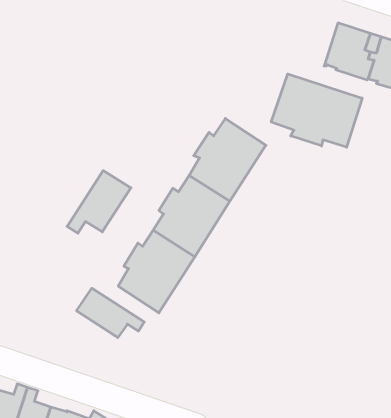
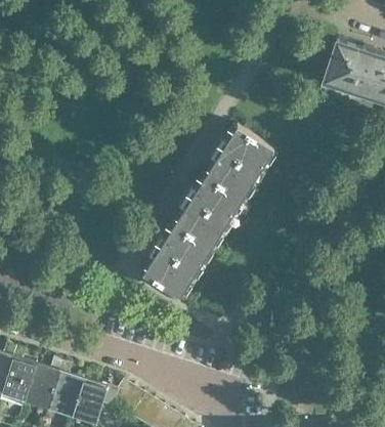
building: [271,74,362,147] -> none
building: [67,171,131,233] -> none
building: [77,288,144,338] -> none

